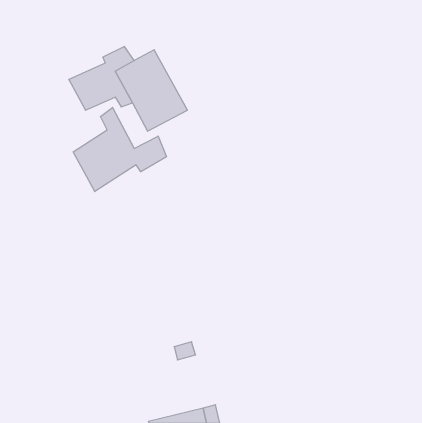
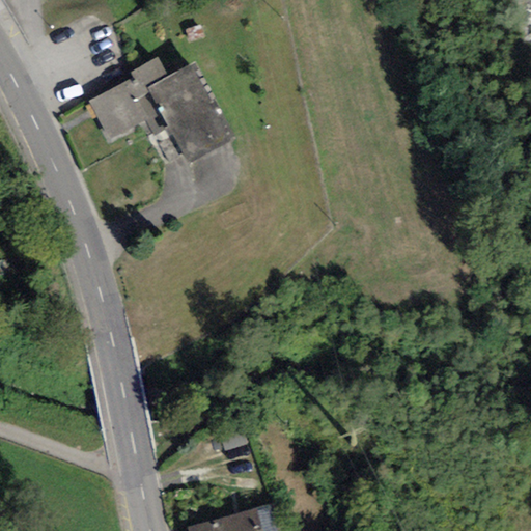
building: [73,107,166,192] -> none

